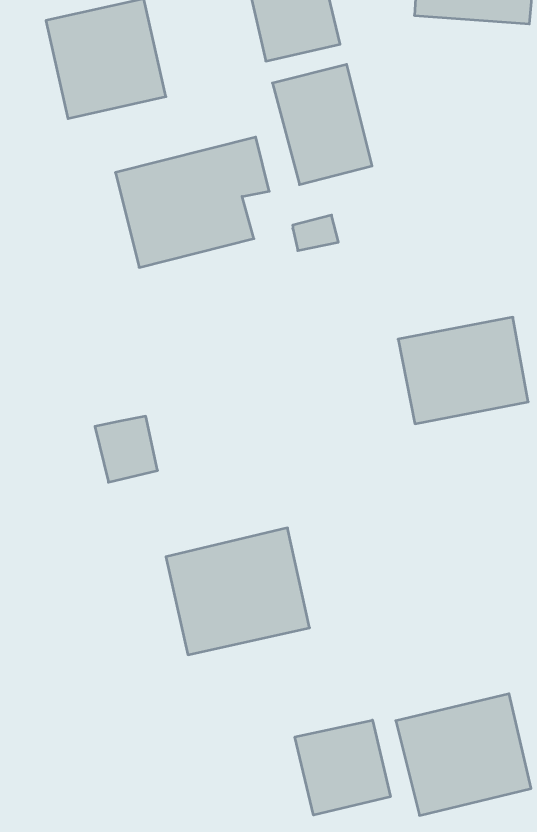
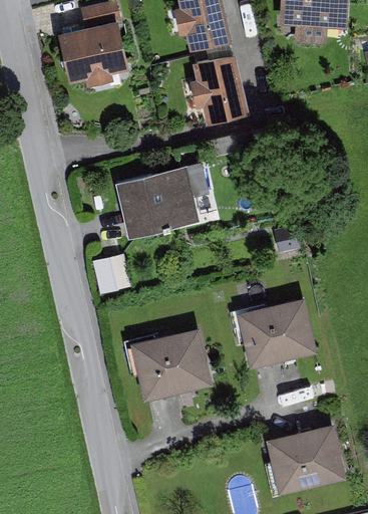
building: [115,137,269,267] -> [109,166,201,243]
building: [398,317,528,424] -> [235,300,312,363]
building: [295,720,390,815] -> none

